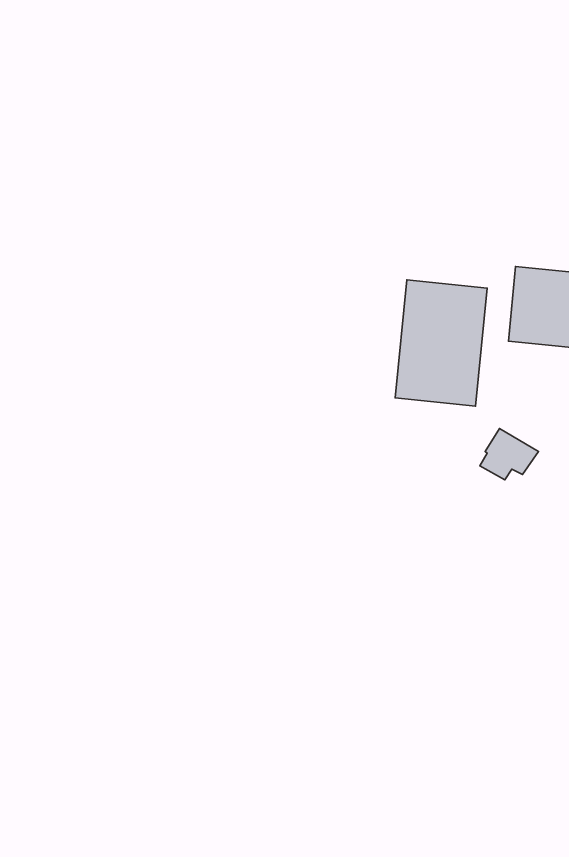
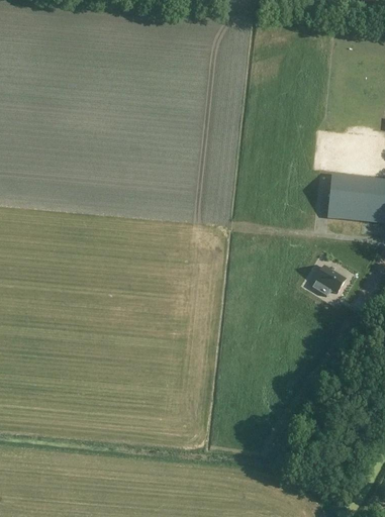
building: [395,280,487,406] -> none

